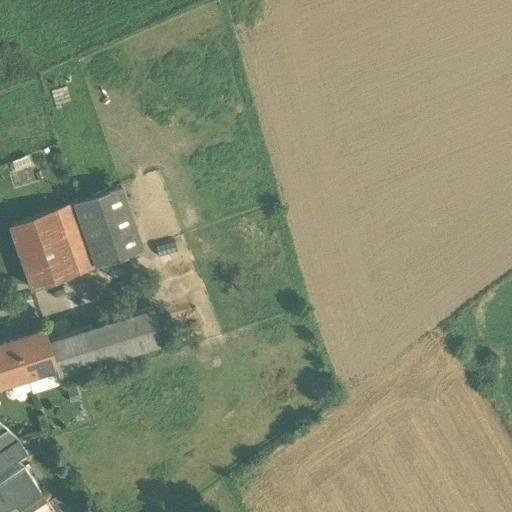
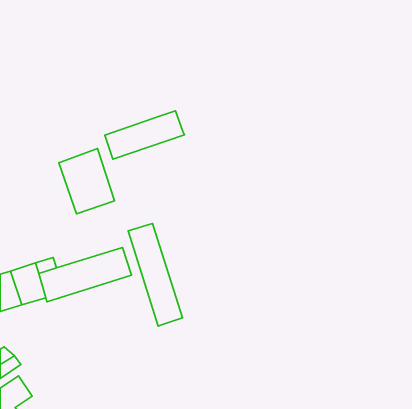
building: none -> [105,111,184,159]
building: [10,205,95,292] -> none
building: none -> [128,224,182,326]

